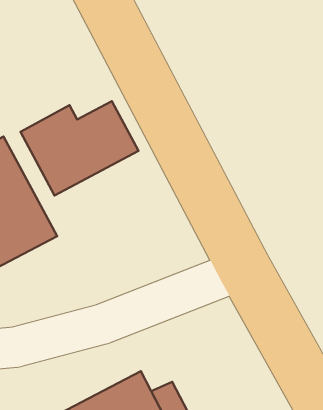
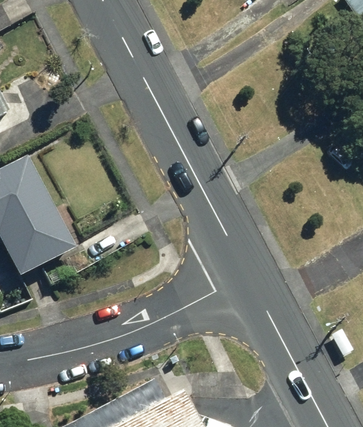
building: [21,101,139,195] -> none

